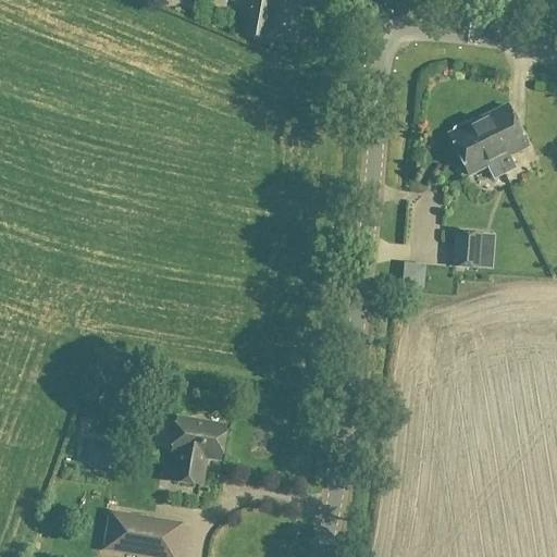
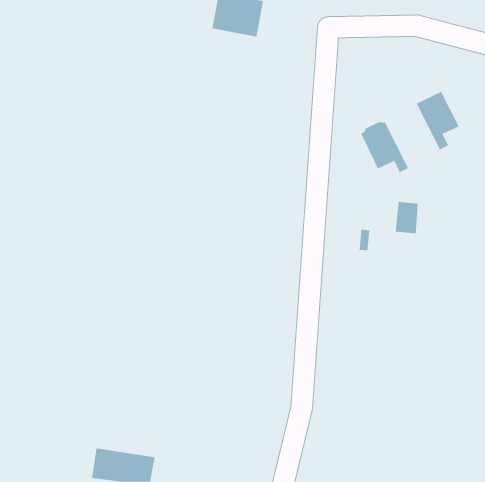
building: [448,119,504,177] -> [361,121,409,173]
building: [171,418,222,484] -> none

